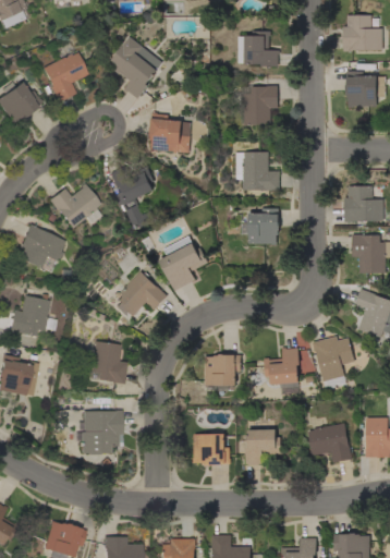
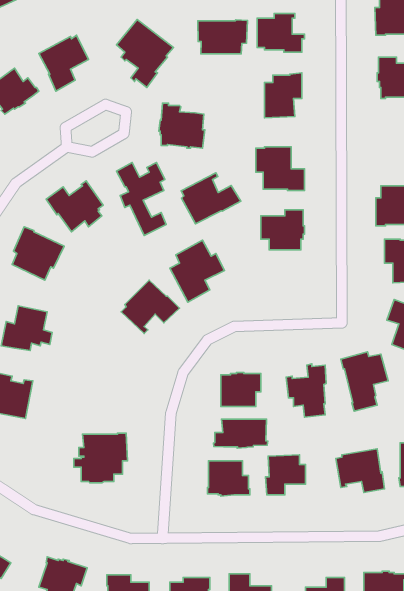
building: none -> [198,20,247,54]
building: none -> [181,173,241,224]
building: [86,340,126,383] -> none
building: none -> [214,419,268,448]

